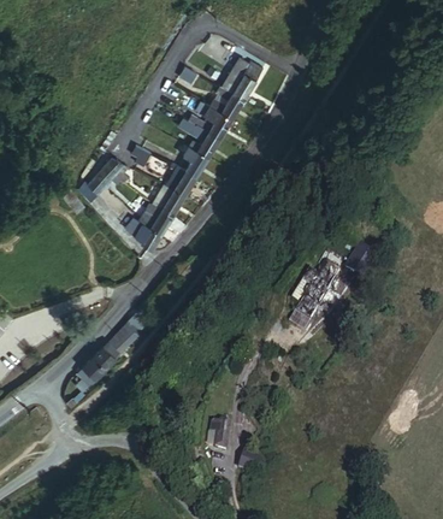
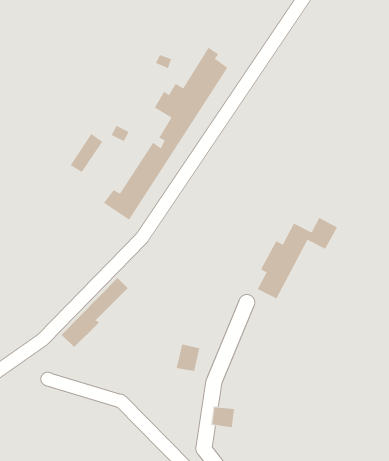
building: [207,417,234,447] -> [176,344,200,372]

